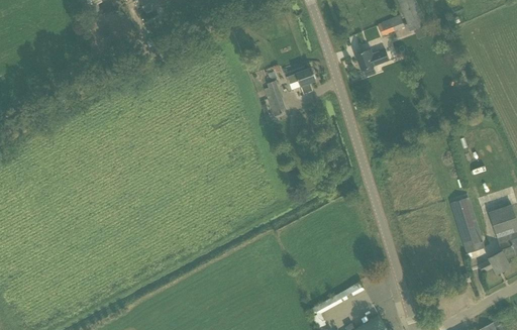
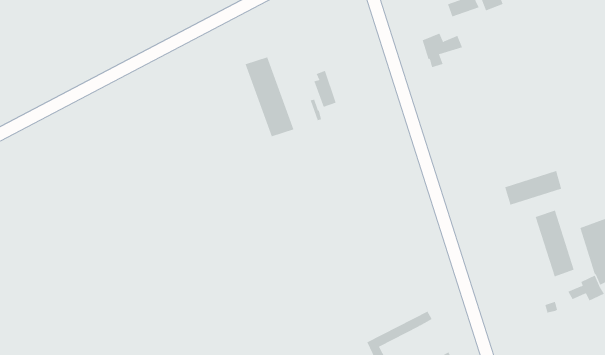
building: [288,67,316,93] -> none
building: none -> [245,56,294,137]
building: none -> [505,170,562,206]

